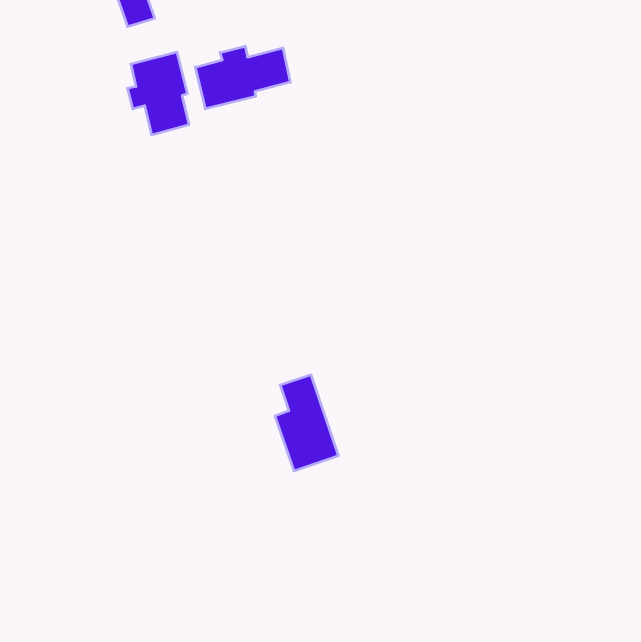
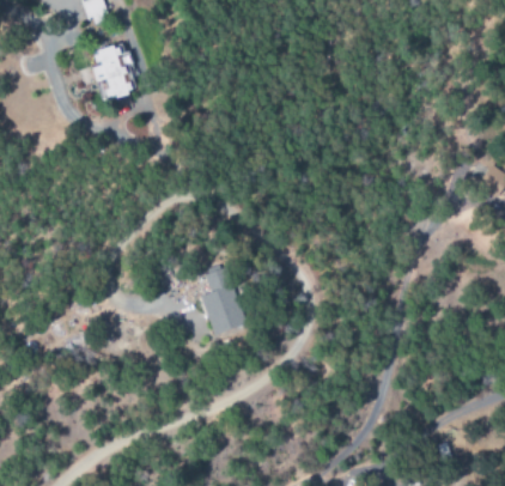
building: [195,46,290,109] -> none

